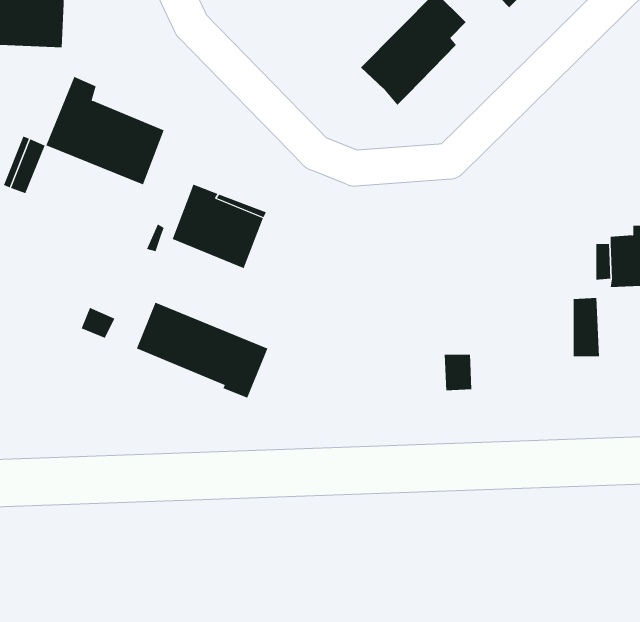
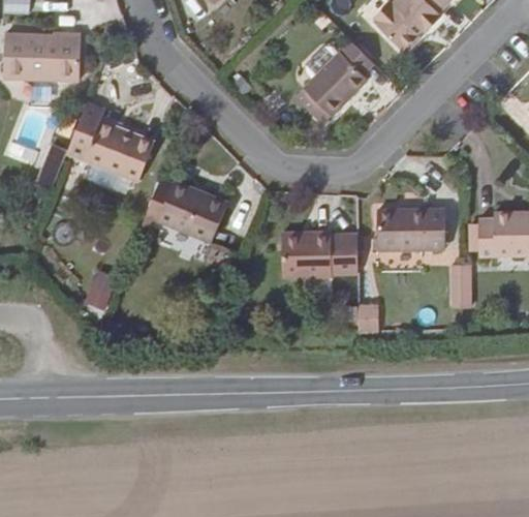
building: none -> [376,209,445,249]
building: none -> [282,232,356,278]
building: [136,302,268,398] -> none

